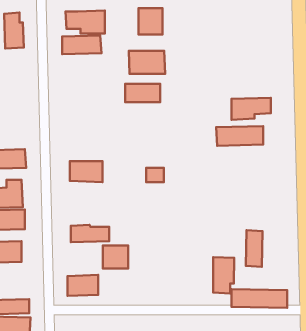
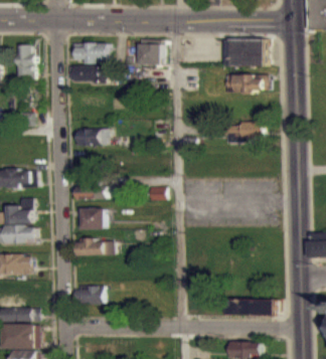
building: none -> [223,39,265,66]
building: [129,51,165,74] -> none
building: [125,84,160,102] -> [74,129,107,146]
building: [216,126,263,146] -> [223,74,267,93]
building: [246,230,262,267] -> none
building: [103,246,128,268] -> [80,208,104,229]
building: [213,257,234,293] -> none

